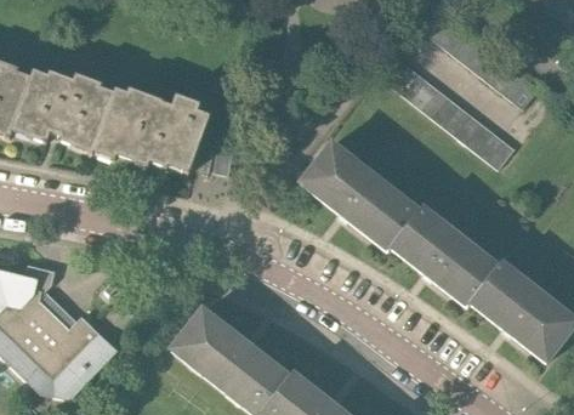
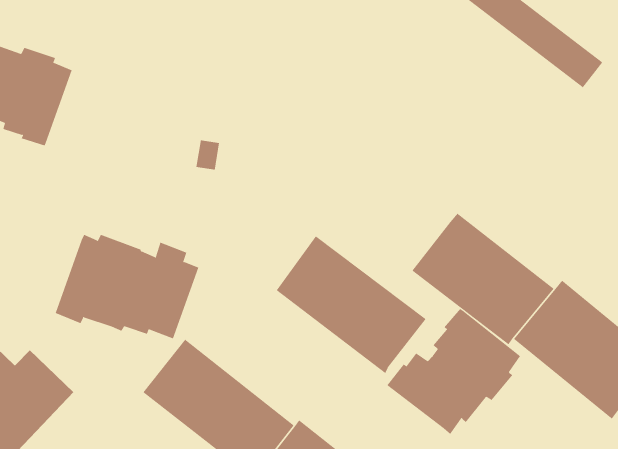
building: [383,58,513,167] -> none
building: [93,86,209,170] -> [55,234,199,339]
building: [295,146,415,256] -> [276,236,426,374]
building: none -> [386,308,521,435]

